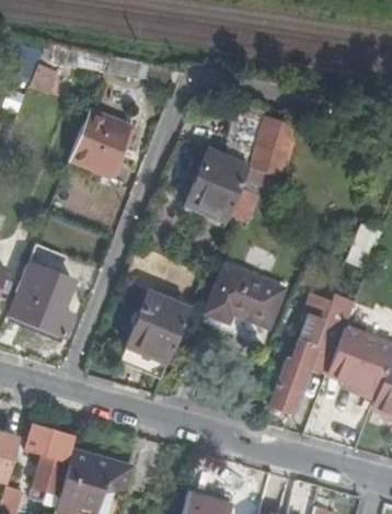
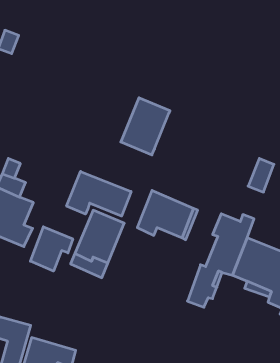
building: [69,108,130,175] -> none
building: [246,115,296,176] -> none
building: none -> [67,171,131,216]
building: none -> [30,227,73,271]

